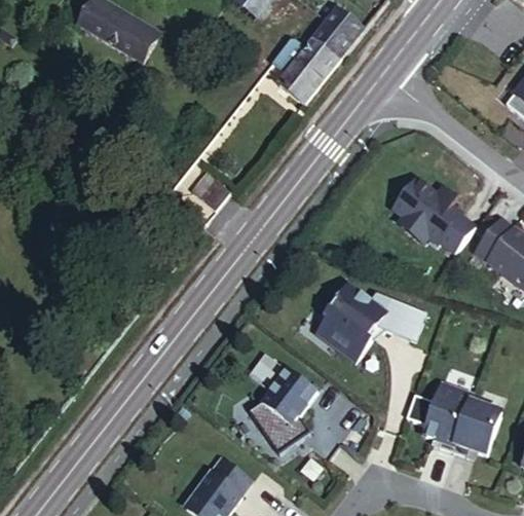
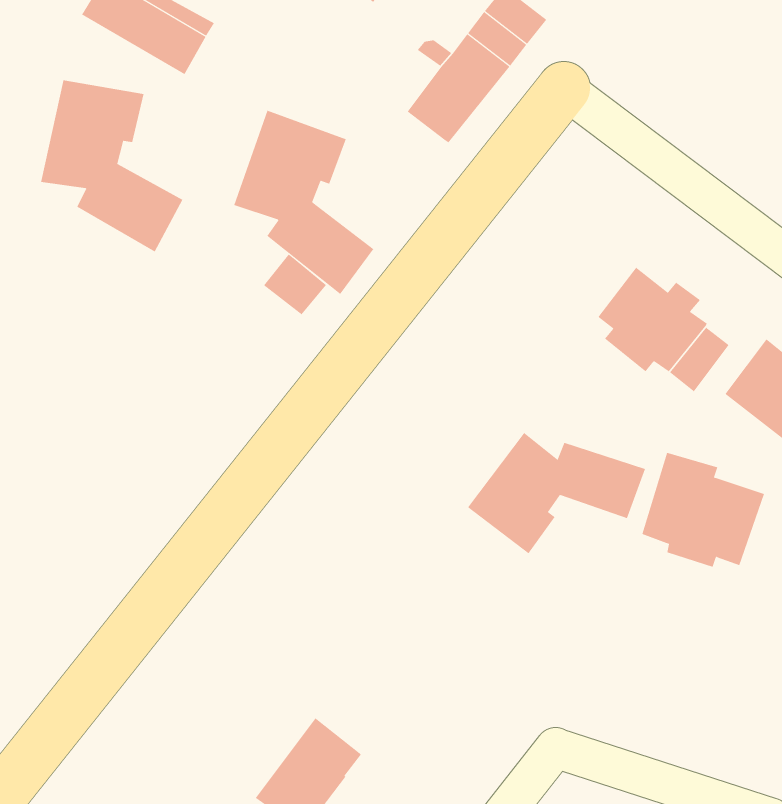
building: none -> [41,79,183,252]
building: none -> [233,110,374,295]
building: [247,365,316,450] -> none
building: [427,378,503,449] -> [641,452,765,567]

